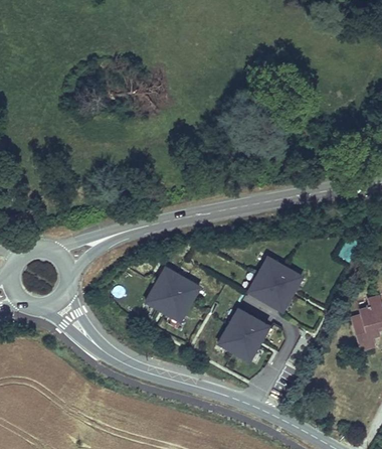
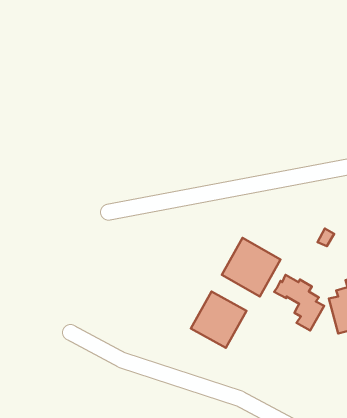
building: [146,267,203,324] -> none
building: none -> [274,275,324,331]

